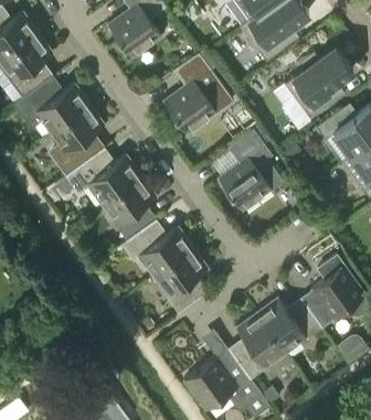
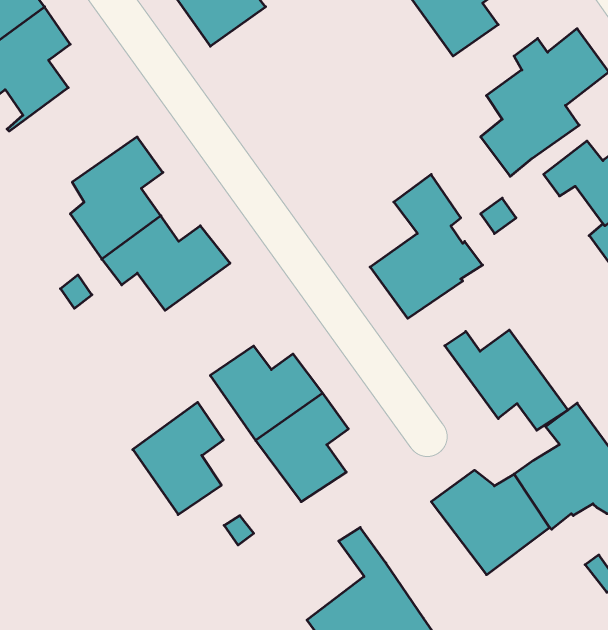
building: [163,53,232,132] -> none
building: [17,79,88,132] -> none
building: [104,177,155,240] -> [133,402,223,515]
building: none -> [445,330,568,430]
building: [227,311,284,376] -> none

